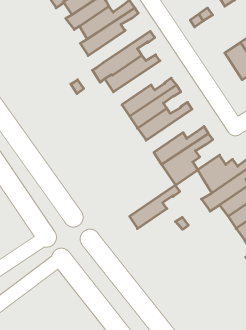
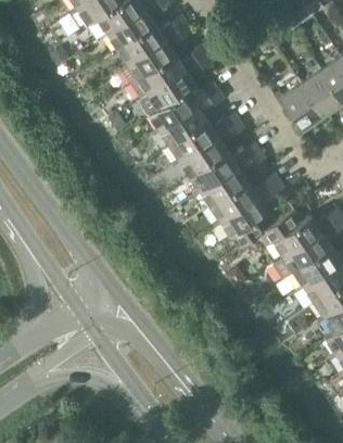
building: none -> [129,47,207,101]
building: none -> [280,83,322,129]
building: none -> [161,92,225,148]
building: [130,185,180,229] -> [202,153,265,207]

